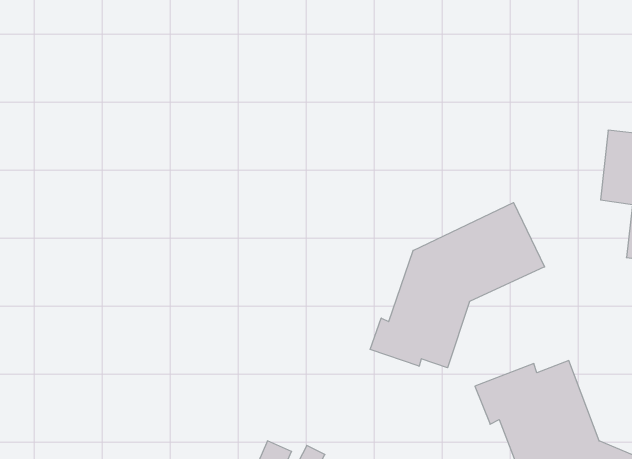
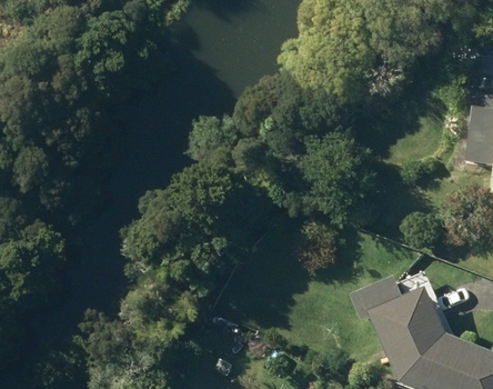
building: [370,203,545,368] -> none

